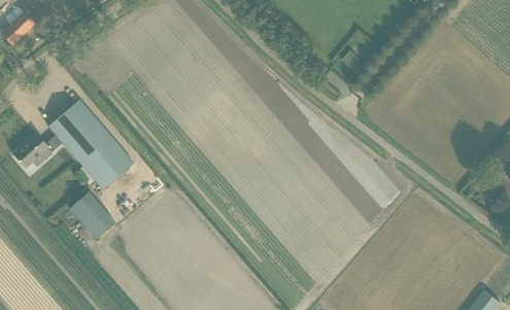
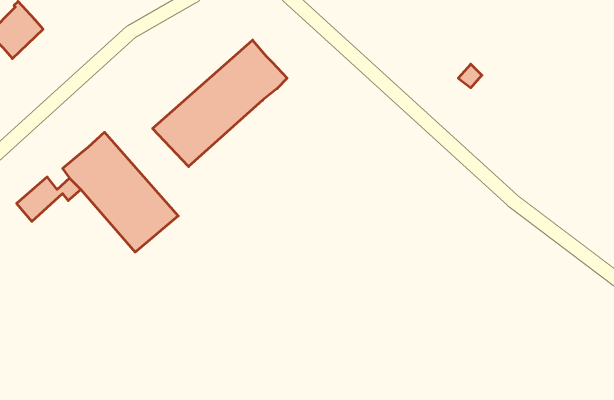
building: none -> [153,40,287,167]
building: [70,185,116,232] -> none

